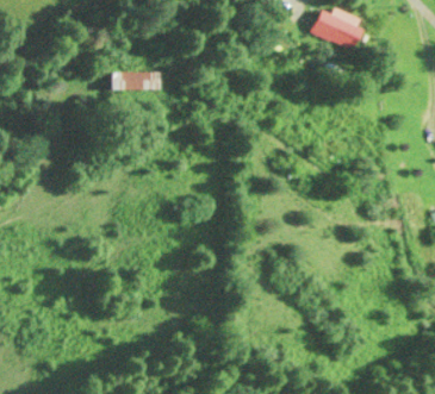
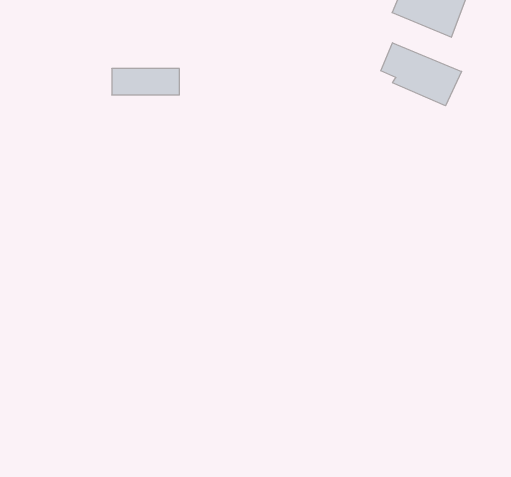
building: none -> [381,43,462,106]

